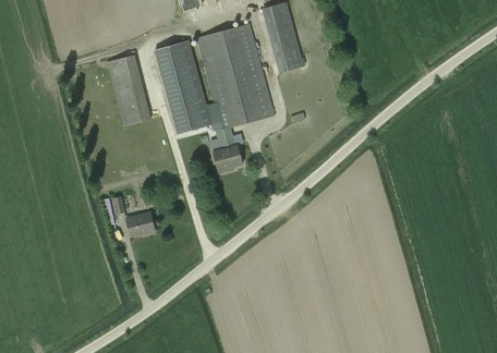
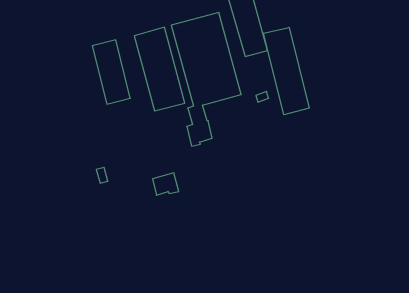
building: none -> [263,27,309,115]
building: [124,210,154,235] -> [153,173,179,195]

